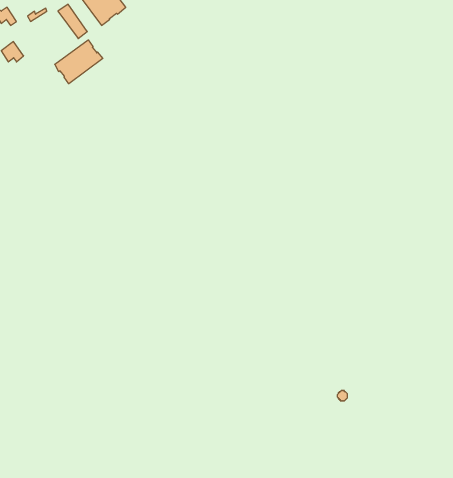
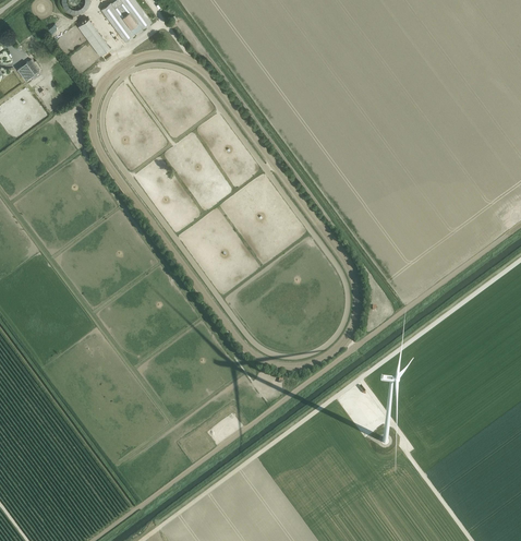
building: [55,40,103,84] -> none

